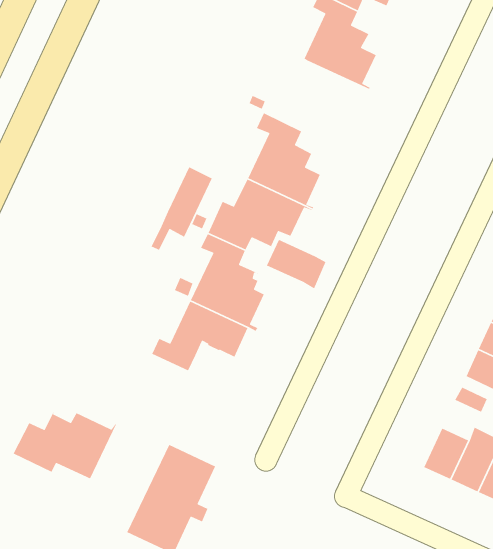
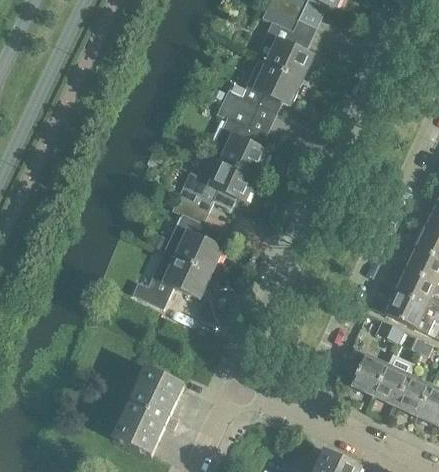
building: none -> [224,60,309,116]
building: [151,166,213,251] -> none
building: [266,239,326,289] -> none
building: [13,411,117,479] -> none

